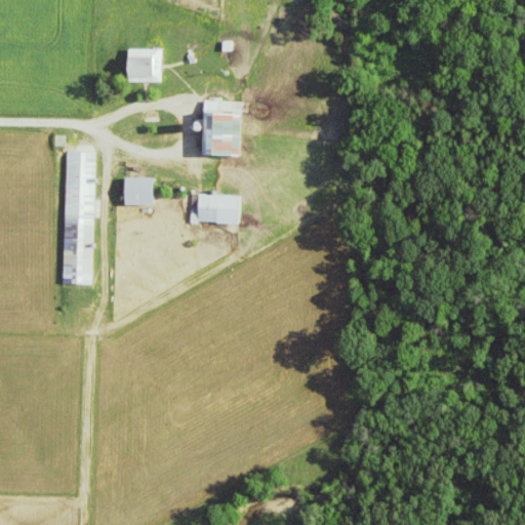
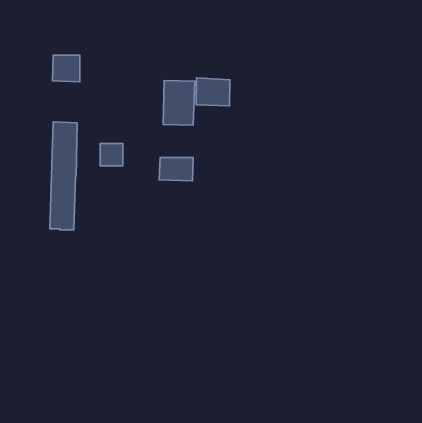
building: [127,49,161,82] -> [52,55,80,82]
building: none -> [196,78,230,106]

